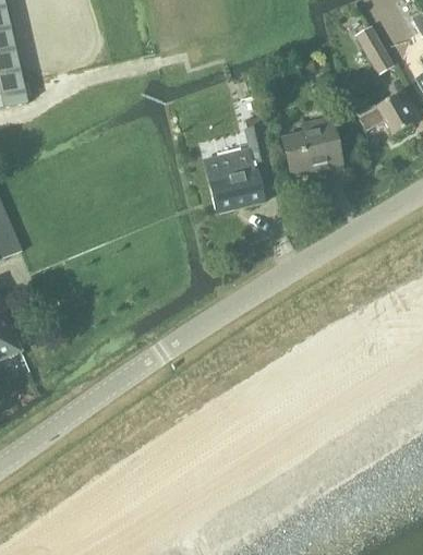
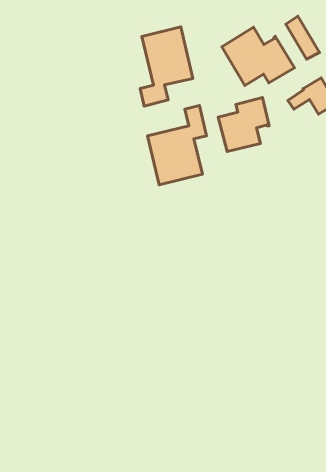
building: none -> [140,27,193,106]
building: none -> [222,27,295,85]

